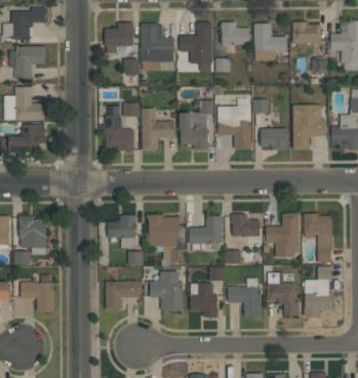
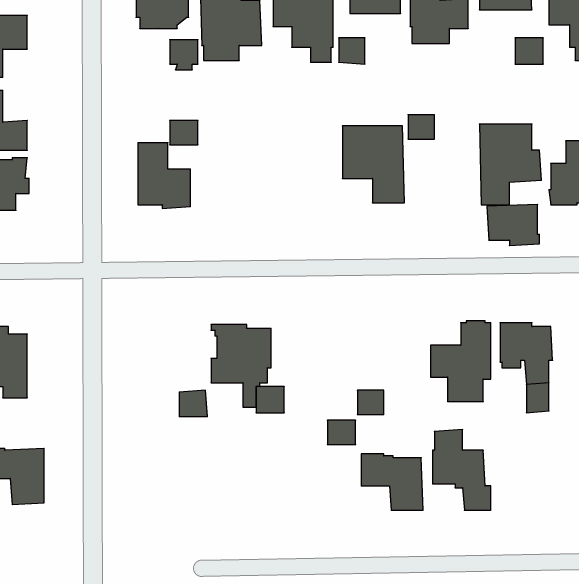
building: [180,100,213,151] -> none
building: [142,108,174,151] -> none
building: [260,127,288,150] -> [487,204,539,246]
building: [232,213,260,236] -> none
building: [108,214,136,248] -> none
building: [189,215,222,244] -> none
building: [304,265,332,316] -> none
building: [150,270,183,310] -> none
building: [106,281,137,310] -> none
building: [190,282,217,317] -> none

